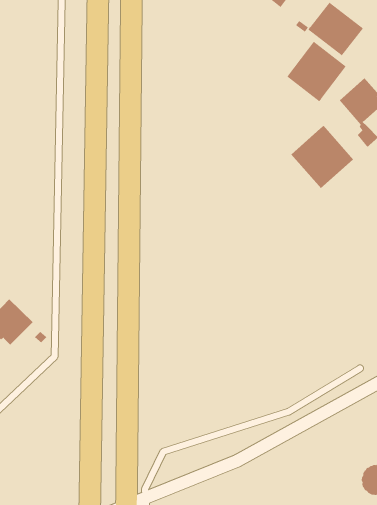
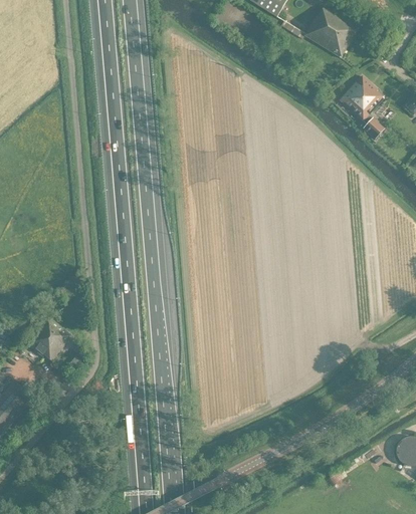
building: [287,41,347,102] -> none
building: [291,125,354,189] -> none

